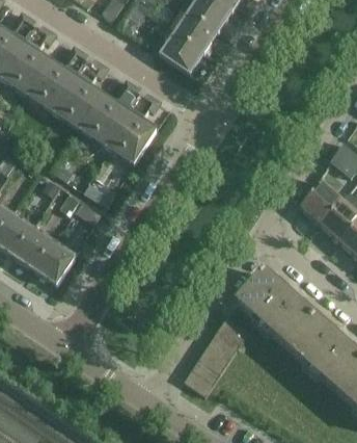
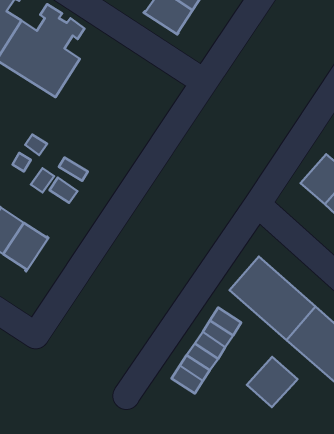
building: [81,79,160,164] -> none
building: none -> [247,357,297,407]

